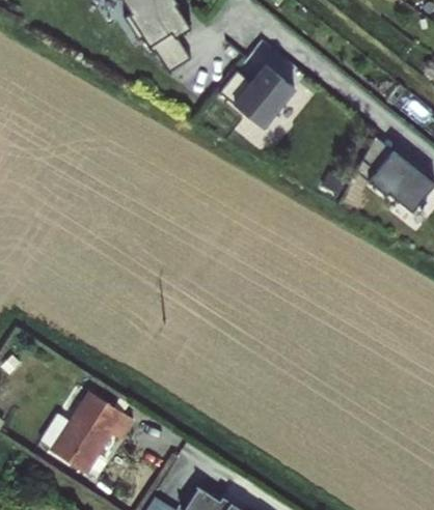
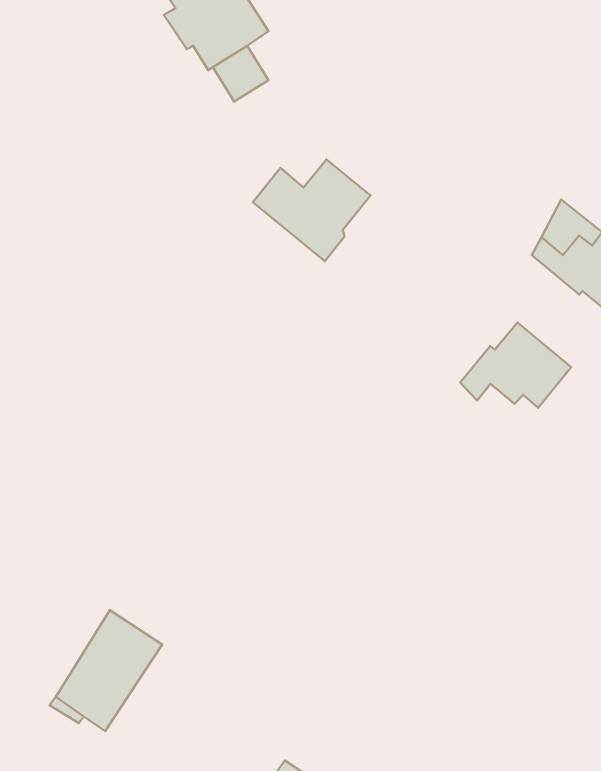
building: [220,64,295,129] -> [253,160,371,261]
building: none -> [460,322,571,408]

